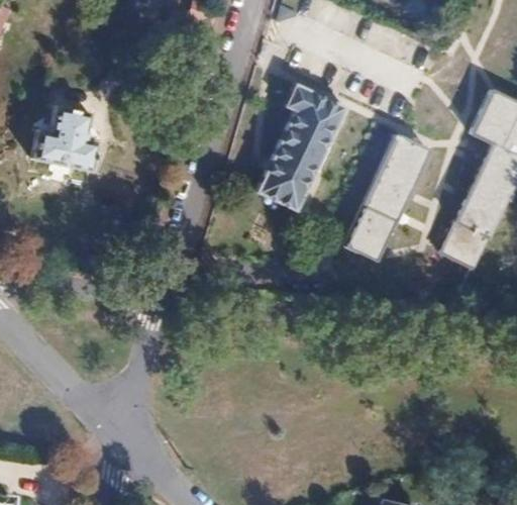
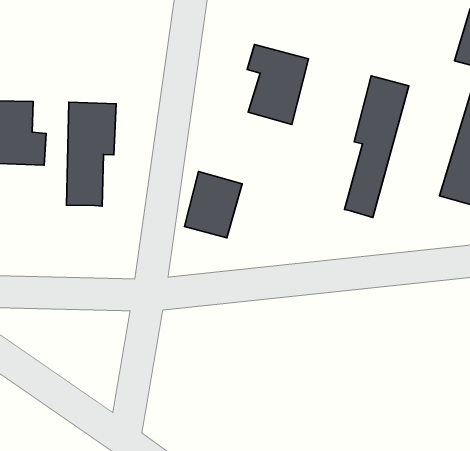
building: none -> [66,102,116,206]
building: [260,149,317,213] -> [185,171,242,238]

